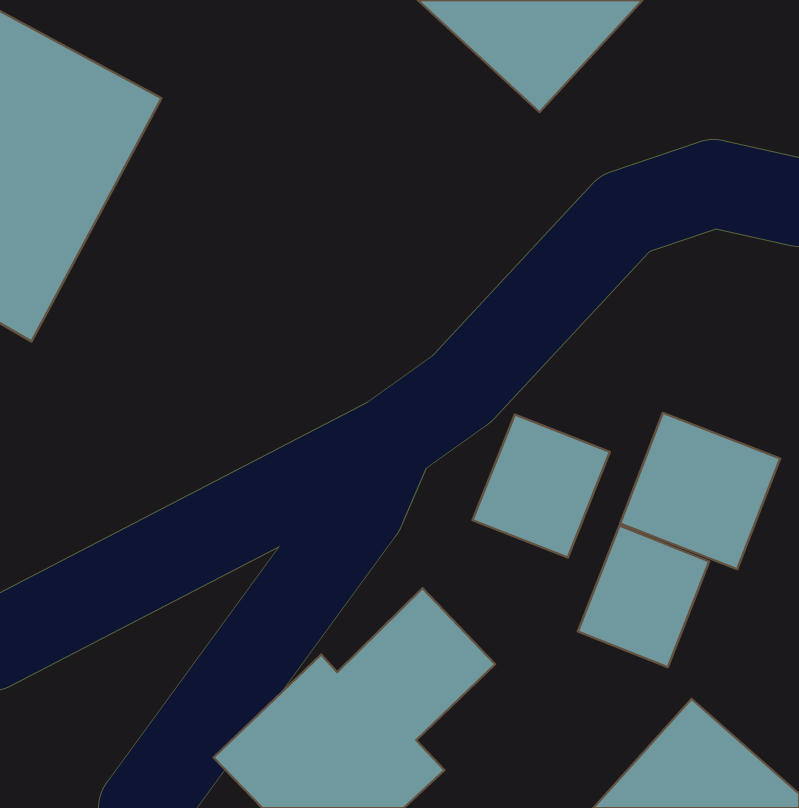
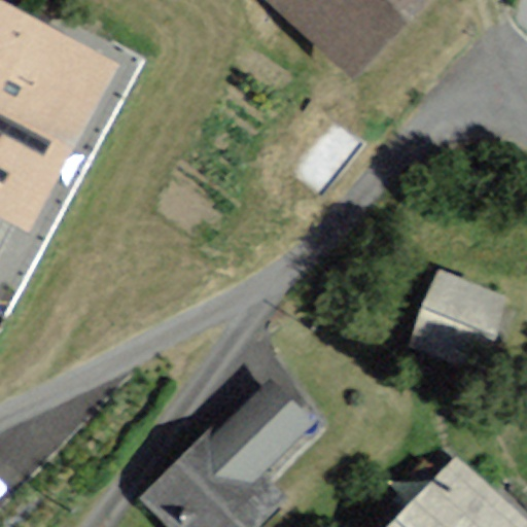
building: [473,415,610,558] -> none
building: [578,526,709,667] -> none

